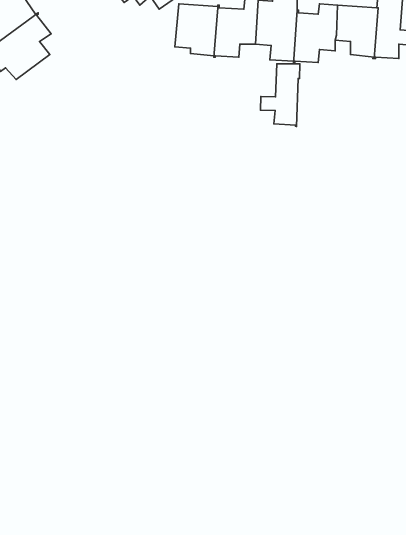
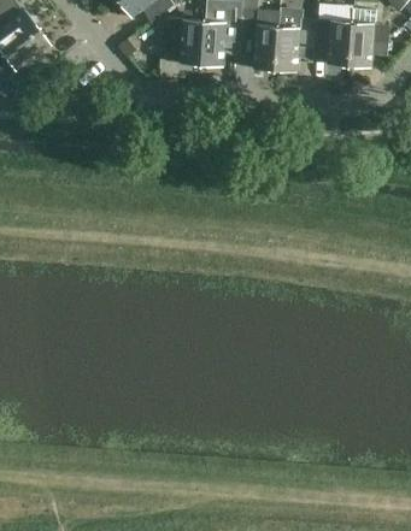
building: [261,64,300,126] -> none

